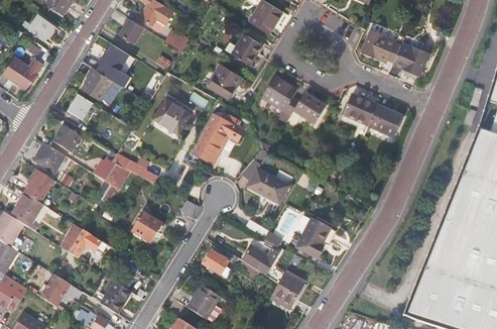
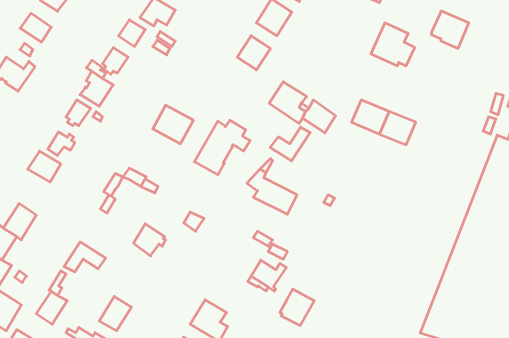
building: [391,42,426,78] -> [431,11,469,48]
building: [209,65,242,99] -> none
building: none -> [270,127,310,161]
building: [26,169,56,204] -> none
building: [295,215,337,258] -> none
building: [204,250,240,278] -> none

